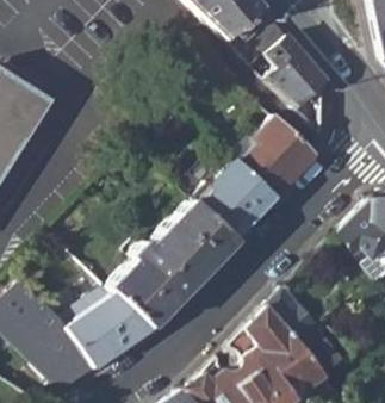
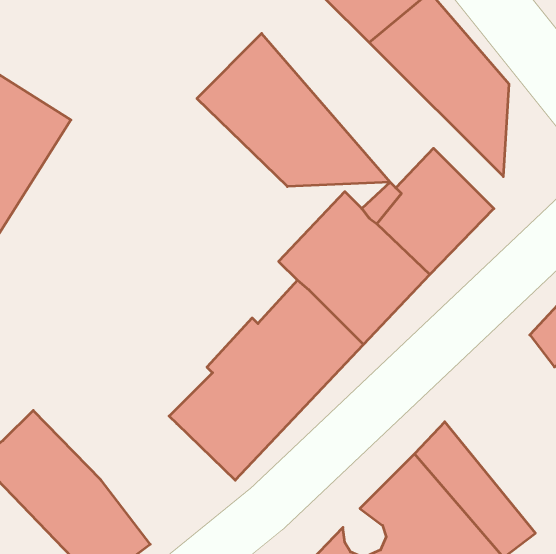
building: none -> [197,33,390,187]
building: [69,290,154,366] -> none

